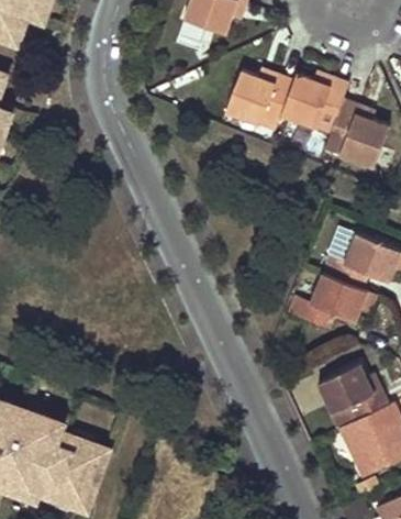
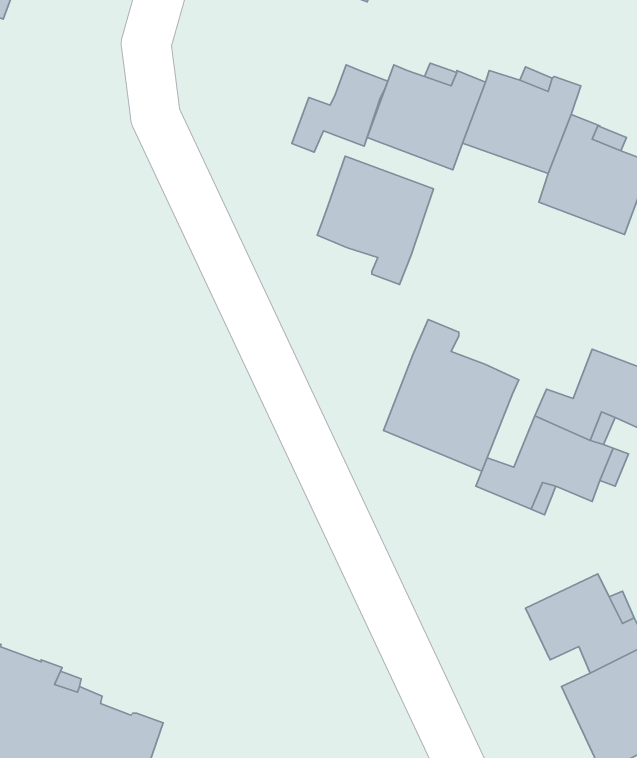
building: none -> [292,65,388,152]
building: none -> [317,156,434,284]
building: none -> [384,320,519,471]

